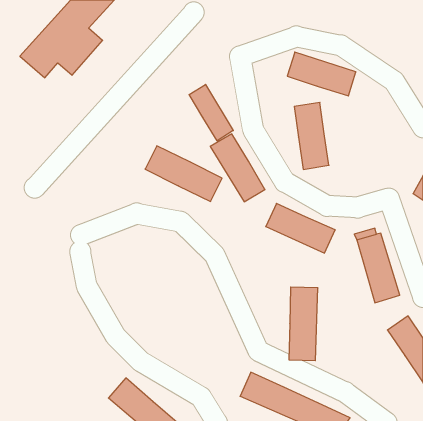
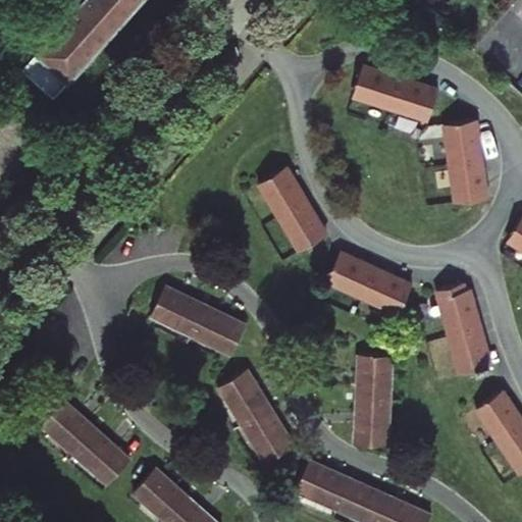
building: [189,84,233,141] -> none
building: [294,102,329,169] -> [445,120,487,203]
building: [145,146,222,201] -> [151,286,246,355]
building: none -> [219,370,294,463]
building: none -> [41,401,129,484]

